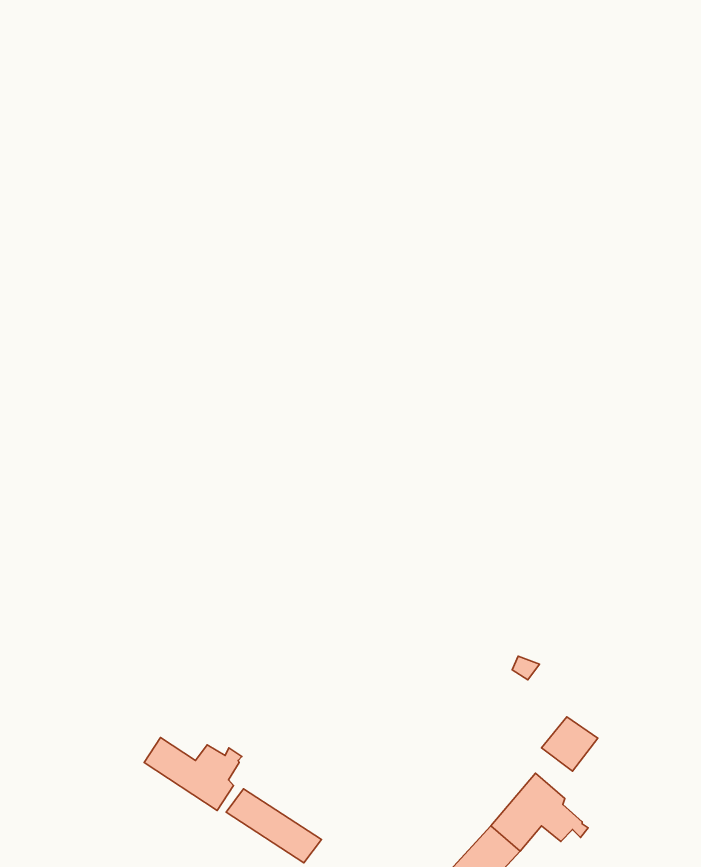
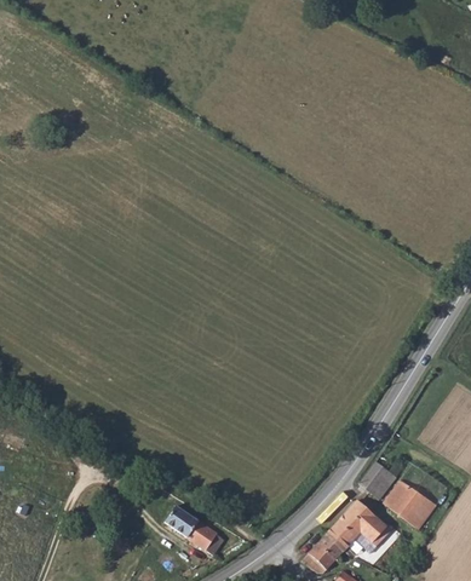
building: [144,737,242,811] -> none
building: none -> [383,479,435,528]

